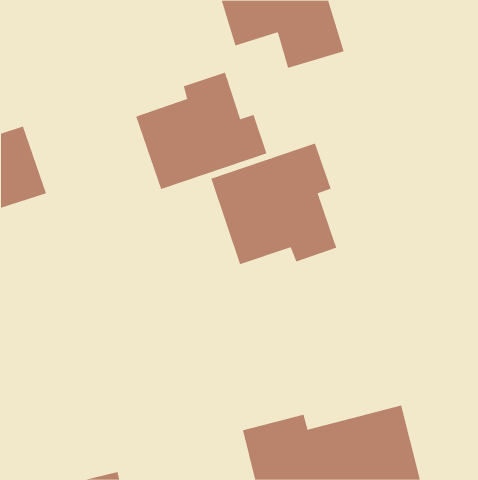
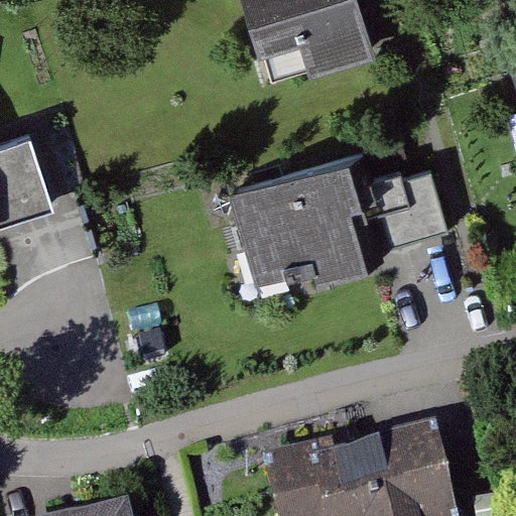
building: [136,72,267,190] -> none
building: none -> [344,167,452,260]

